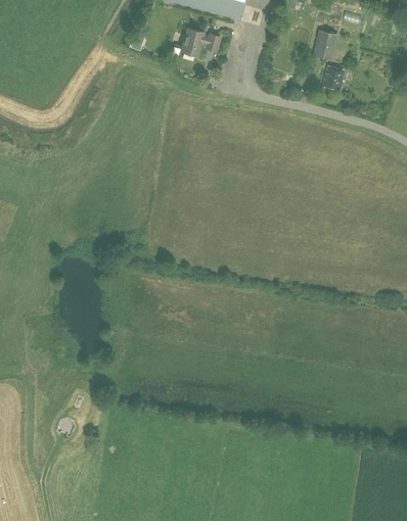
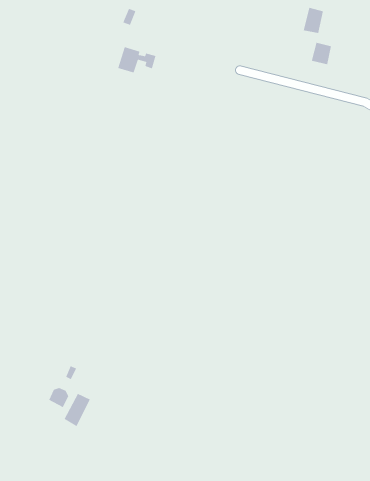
building: [180,27,220,54] -> [117,46,156,73]
building: none -> [64,393,91,427]

